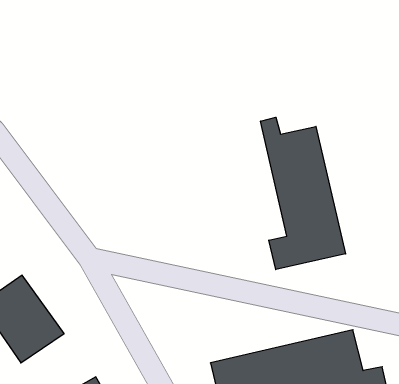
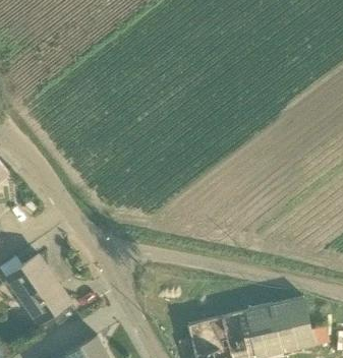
building: [261,117,346,270] -> none

